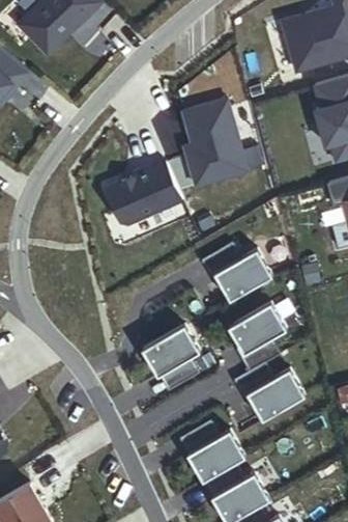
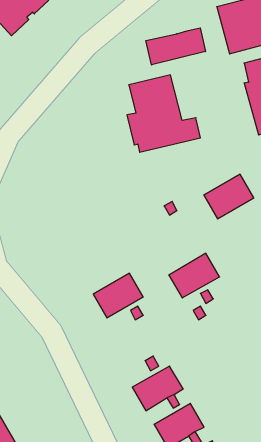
building: none -> [146,28,205,65]
building: [105,162,181,224] -> none
building: [213,250,270,301] -> [204,174,254,219]
building: [245,369,302,420] -> none

